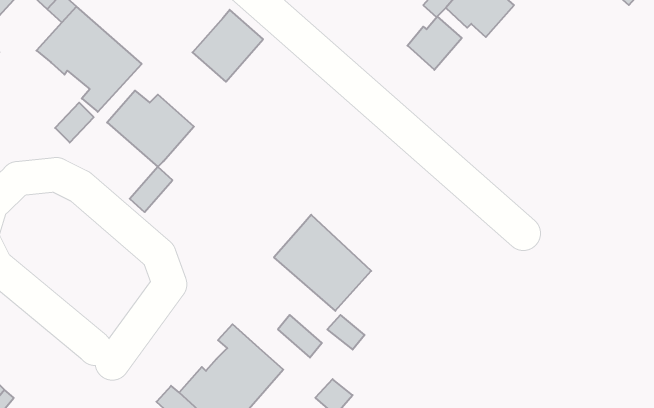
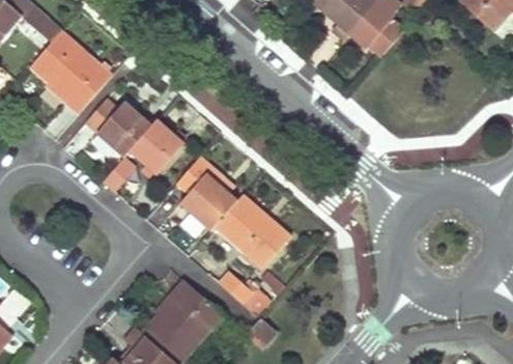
building: [192,10,263,82] -> [129,118,183,174]
building: [407,17,462,70] -> none
building: none -> [175,155,237,230]

